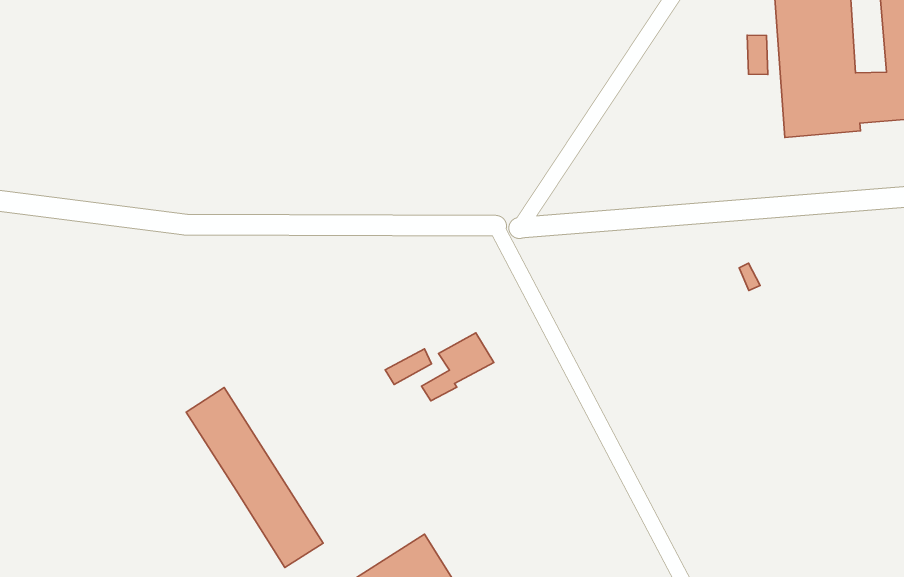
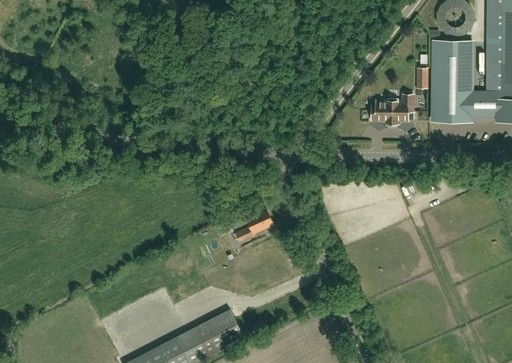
building: none -> [372,93,413,122]
building: [186,388,323,568] -> none

